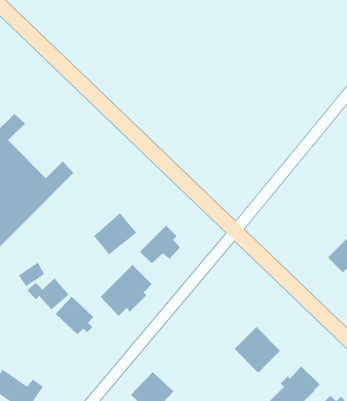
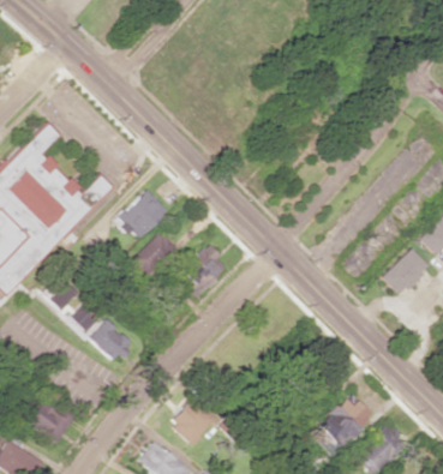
building: none -> [114,188,167,241]
building: [100,264,153,317] -> none
building: [234,326,281,373] -> none

